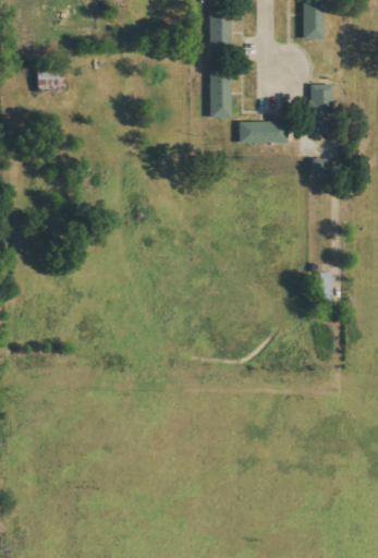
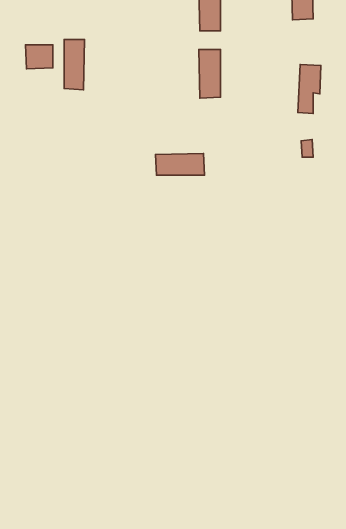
building: none -> [64,39,84,90]
building: [239,121,288,143] -> [155,153,204,175]

